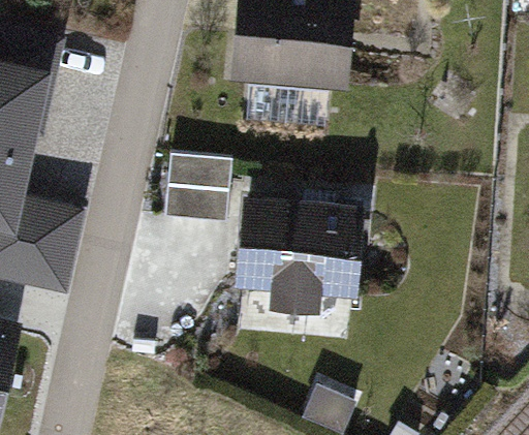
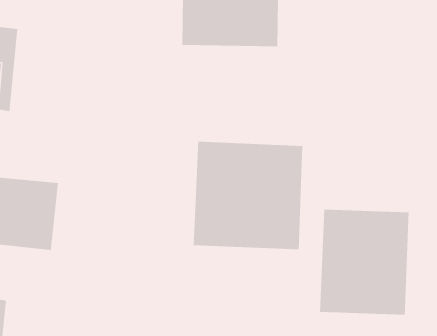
building: [155,151,227,224] -> none
building: none -> [319,209,410,316]

